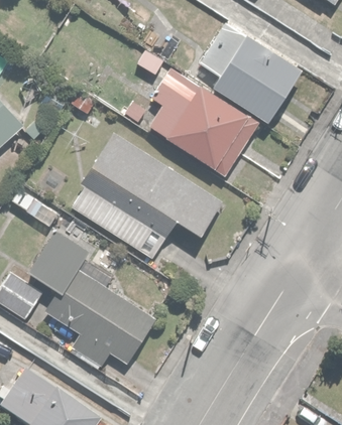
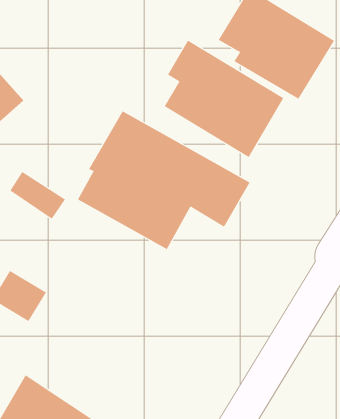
building: [28,232,153,364] -> none

